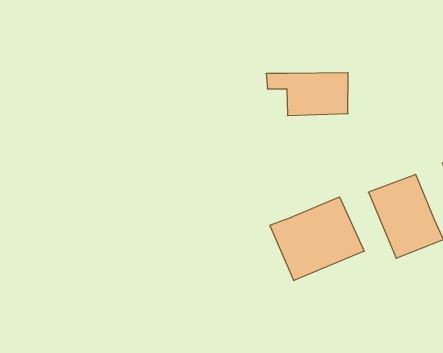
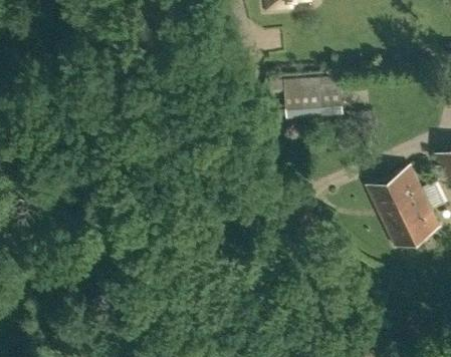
building: [270,197,364,281] -> none

